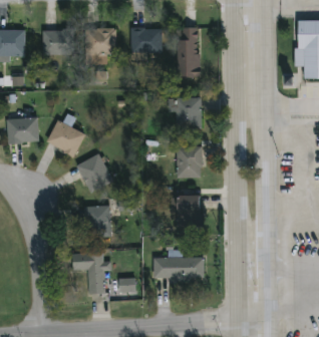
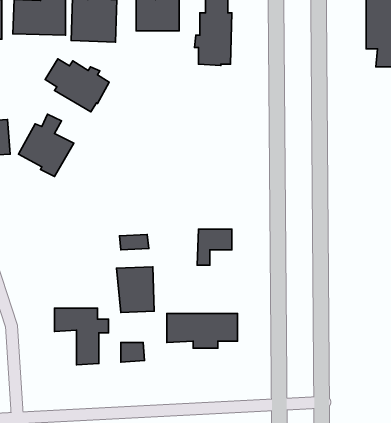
building: none -> [45,59,109,112]
building: [168,97,202,128] -> none
building: [176,145,202,179] -> none
building: [76,152,113,194] -> none
building: [84,205,111,238] -> [117,267,154,313]

